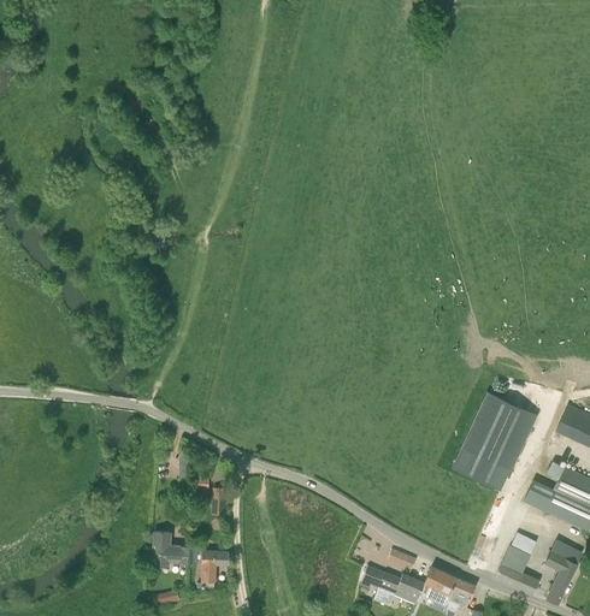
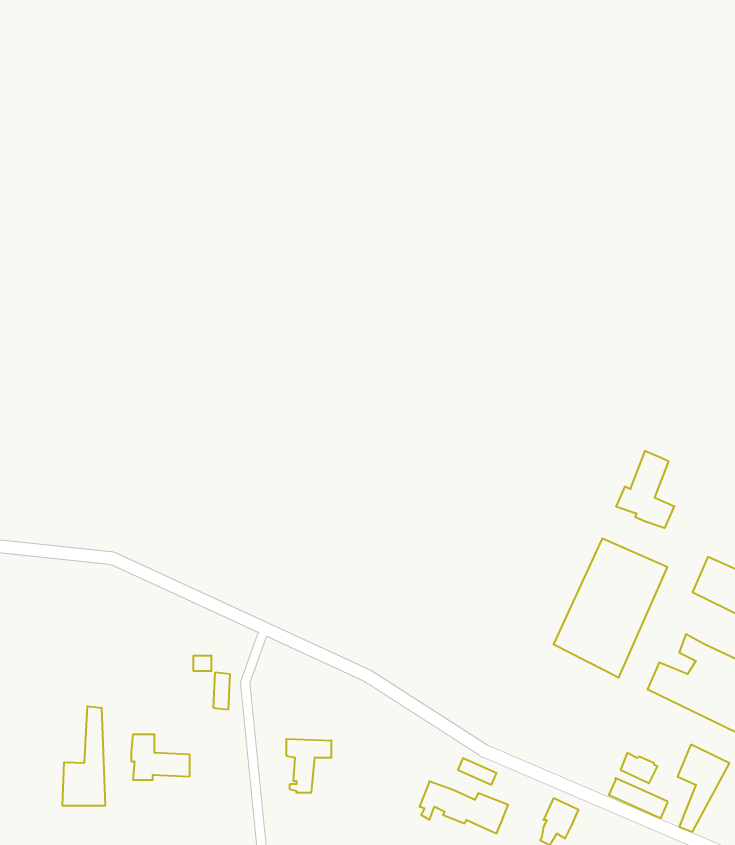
building: none -> [616,451,674,528]
building: none -> [63,706,105,806]
building: [195,551,228,590] -> [286,739,332,793]
building: [424,567,456,604] -> none

